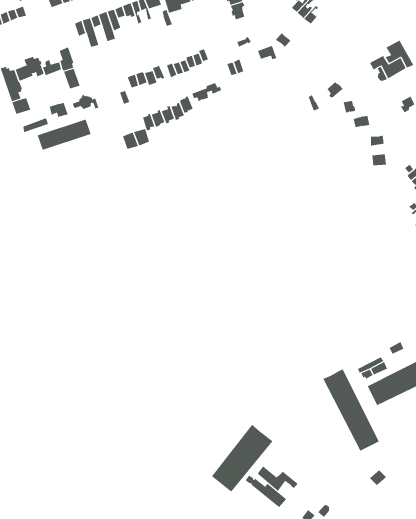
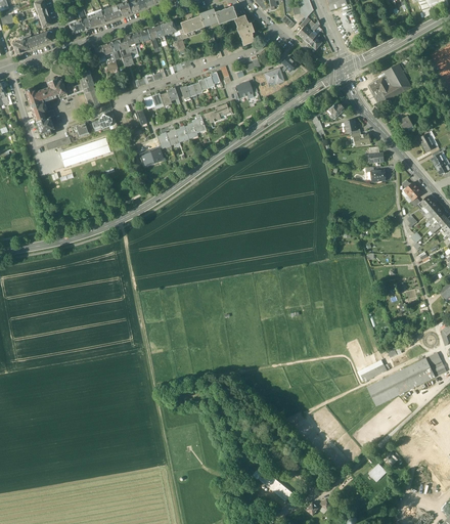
building: [323,369,379,452] -> none
building: [211,424,273,492] -> none
building: [257,466,299,492] -> none

